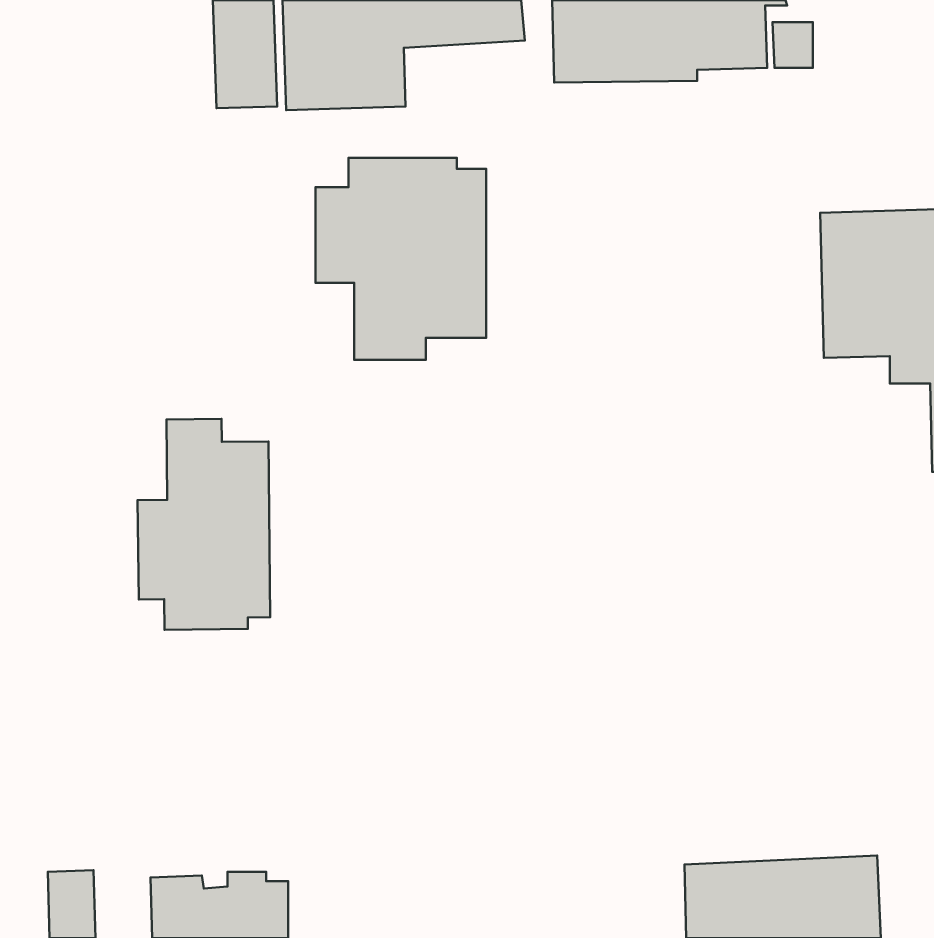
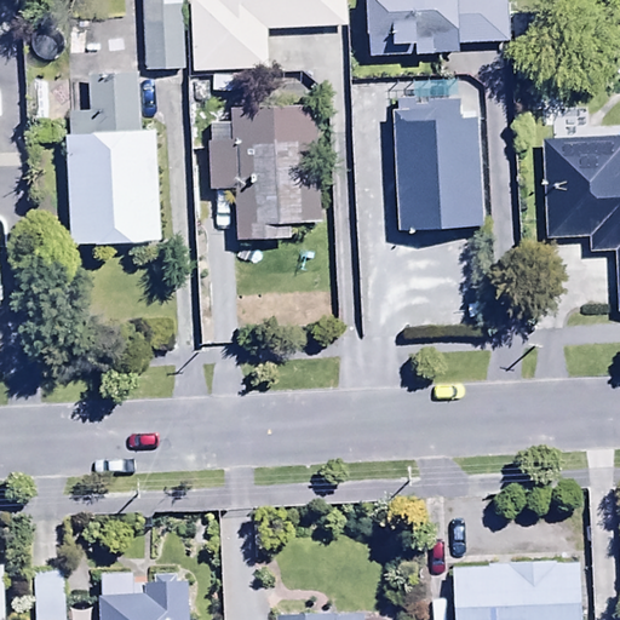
building: none -> [69,74,157,241]
building: none -> [392,84,484,226]
building: [138,419,270,630] -> none

